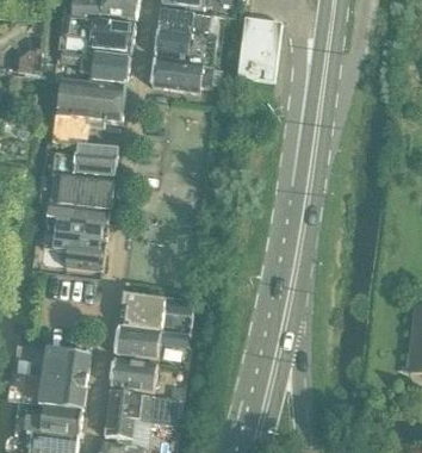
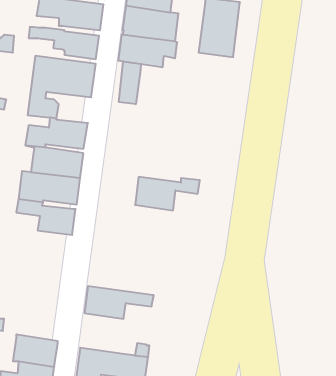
building: none -> [119,61,141,104]
building: [119,294,188,330] -> [135,177,200,210]
building: [42,349,89,384] -> none
building: [111,359,155,392] -> none

